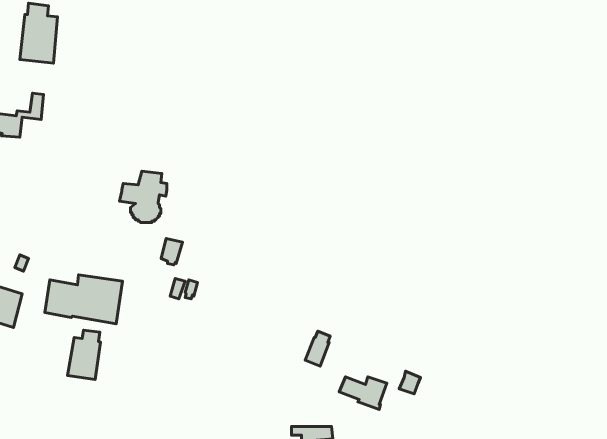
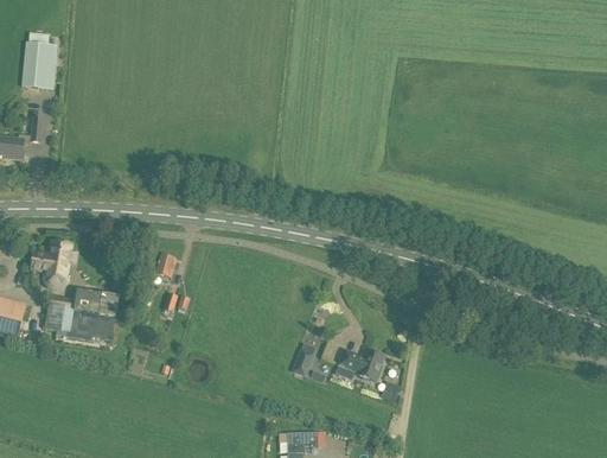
building: [119,171,167,222] -> [31,241,76,290]
building: [68,330,100,379] -> none
building: [339,377,387,409] -> [339,350,384,381]

